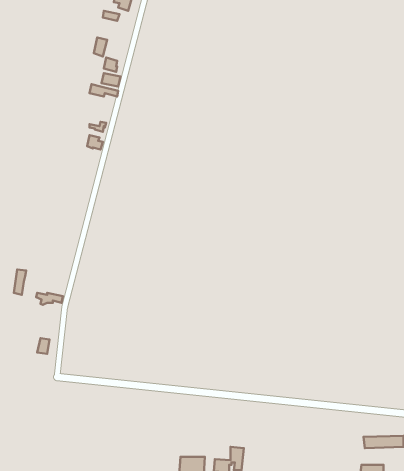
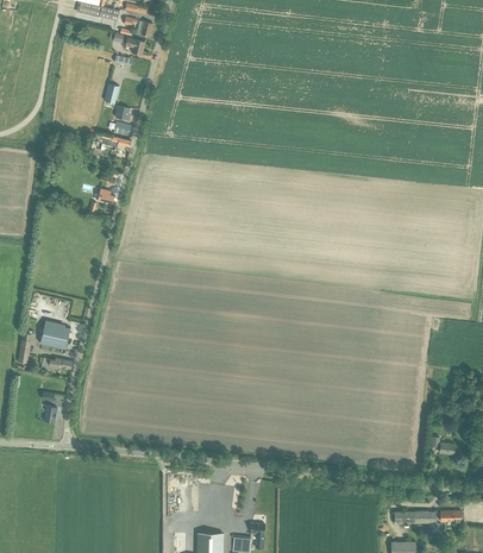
building: none -> [39,321,70,347]

